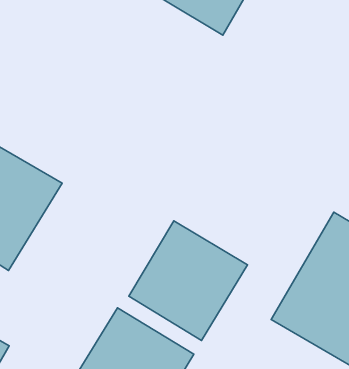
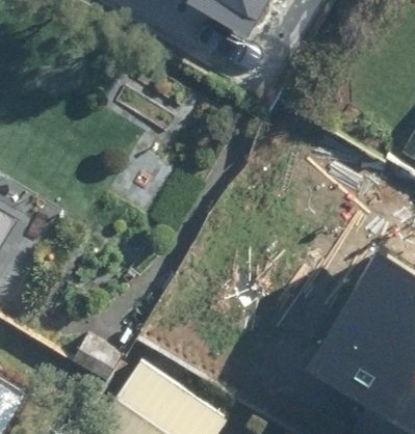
building: [129,221,248,341] -> none

